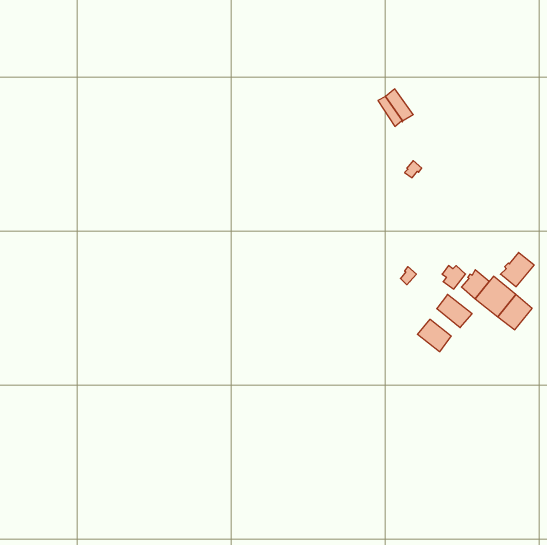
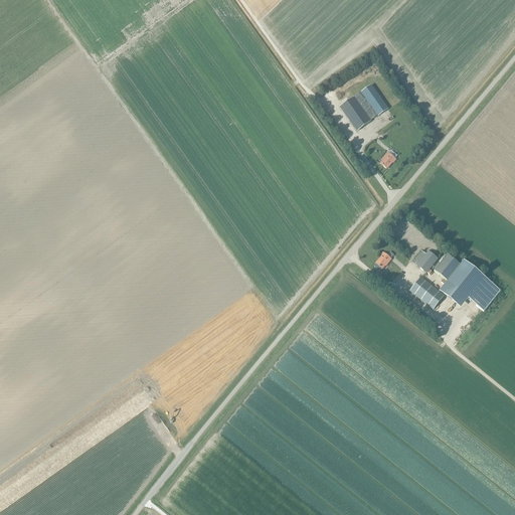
building: none -> [340,95,371,130]
building: [500,252,534,287] -> none
building: [417,319,451,352] -> none

